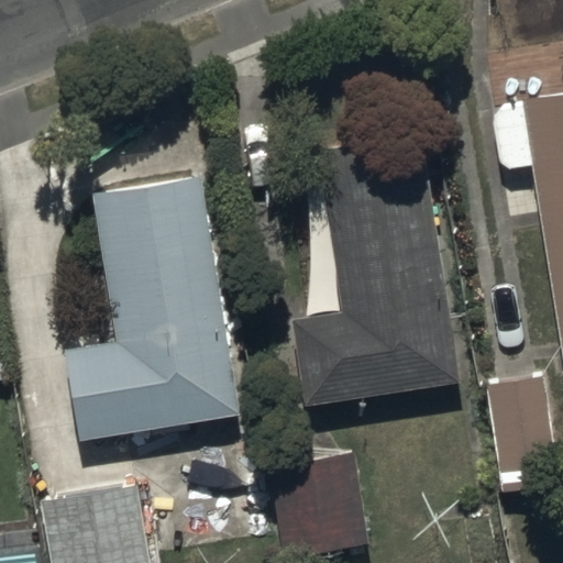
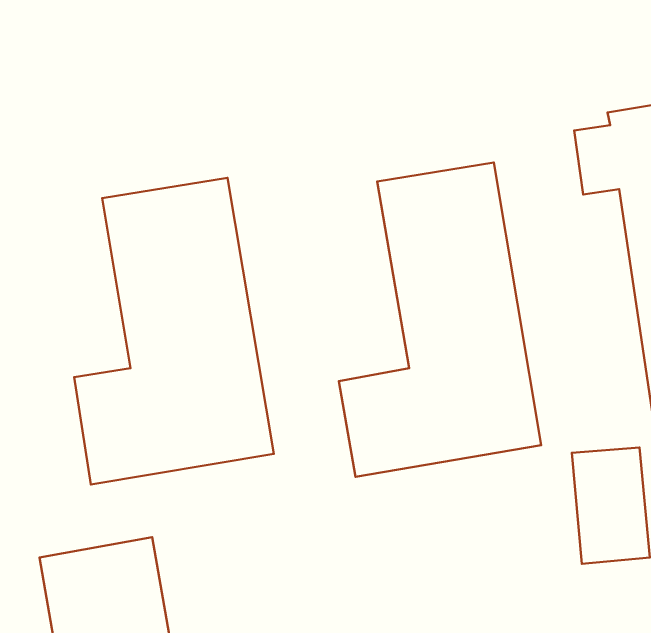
building: [269,449,366,556] -> none

